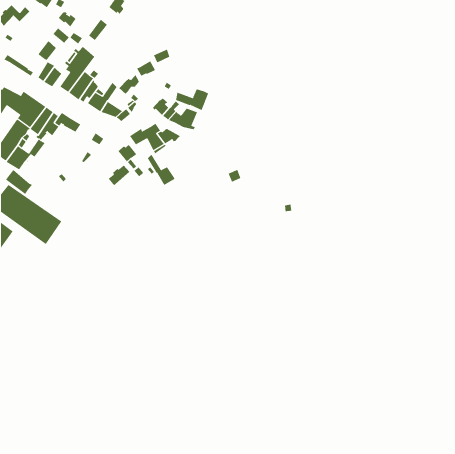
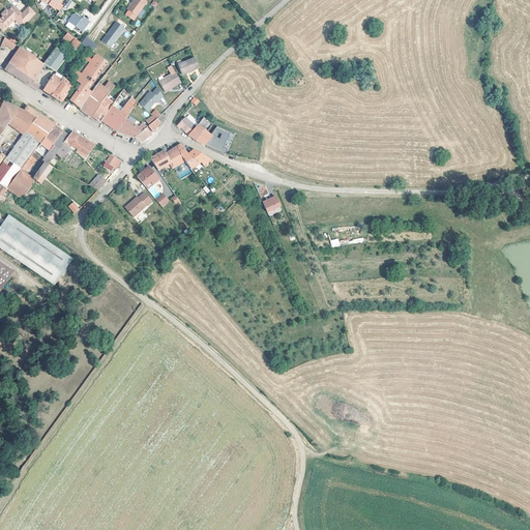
building: none -> [8,47,43,80]
building: [175,88,209,111] -> none
building: [147,154,175,186] -> none
building: [5,169,33,195] -> none

